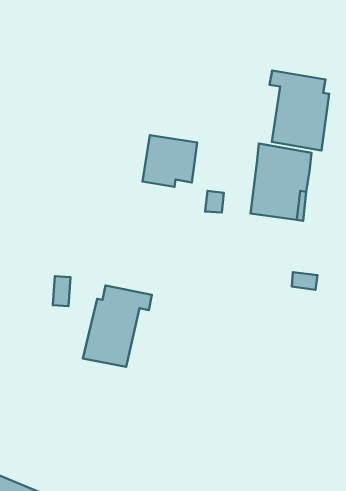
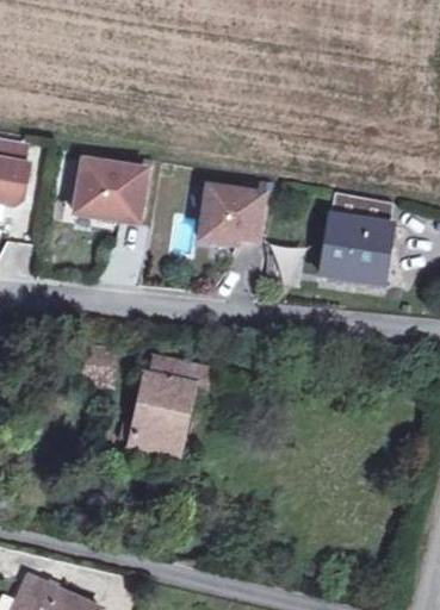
building: [269,70,329,151] -> none
building: none -> [73,158,145,222]

